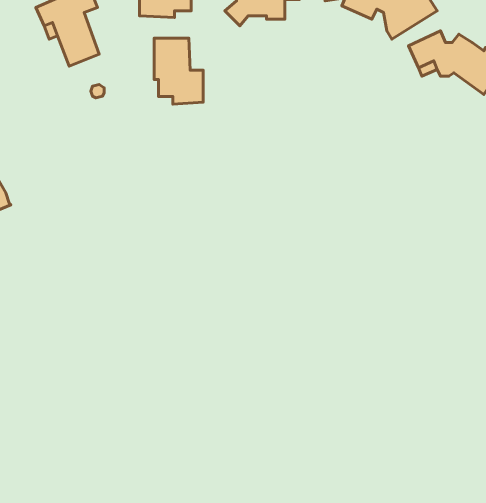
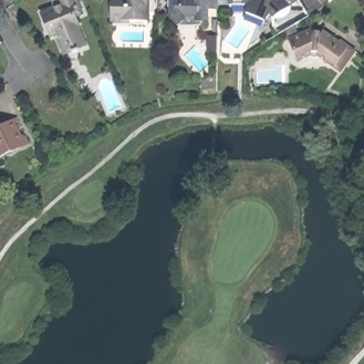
building: [154,38,203,104] -> none

